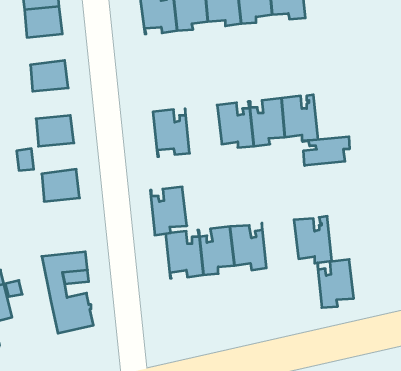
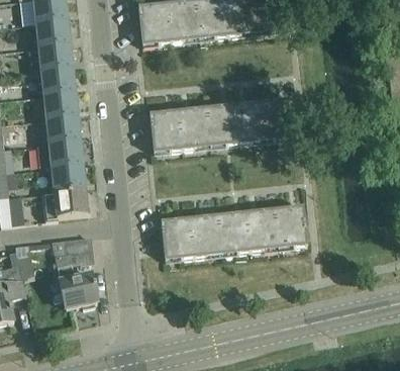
building: none -> [37,43,71,71]
building: none -> [42,91,76,118]
building: [302,137,349,166] -> none
building: none -> [47,140,81,167]
building: [150,187,187,235] -> [177,106,209,149]
building: none -> [40,188,87,218]
building: [317,259,354,308] -> [244,207,277,250]

